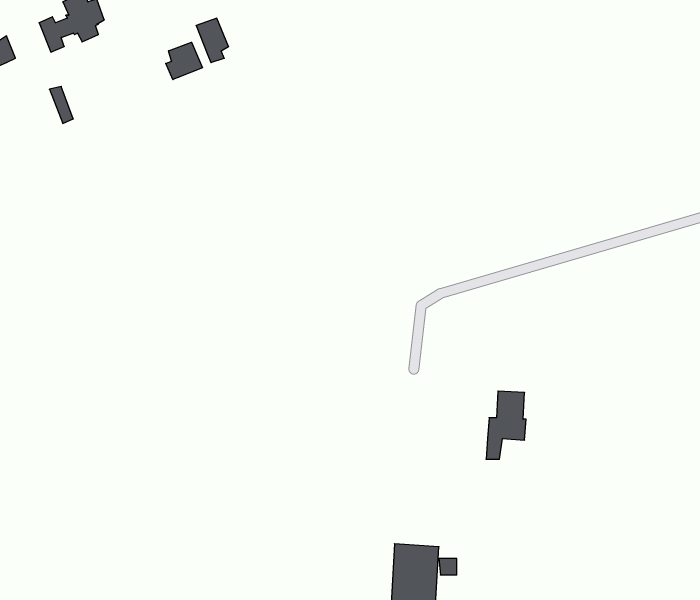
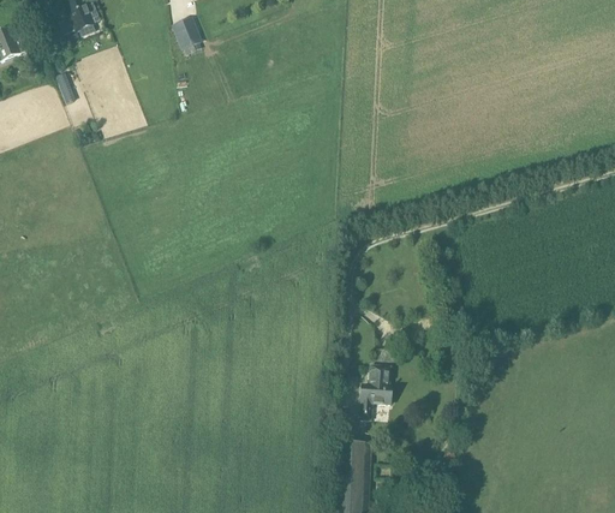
building: [166,42,202,80] -> none
building: [486,391,526,459] -> [360,363,393,418]

